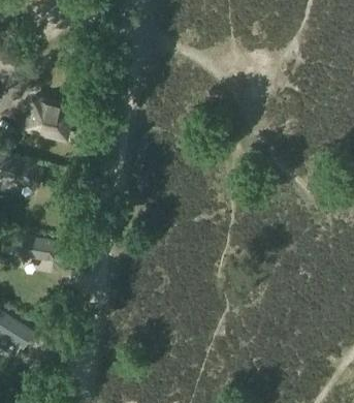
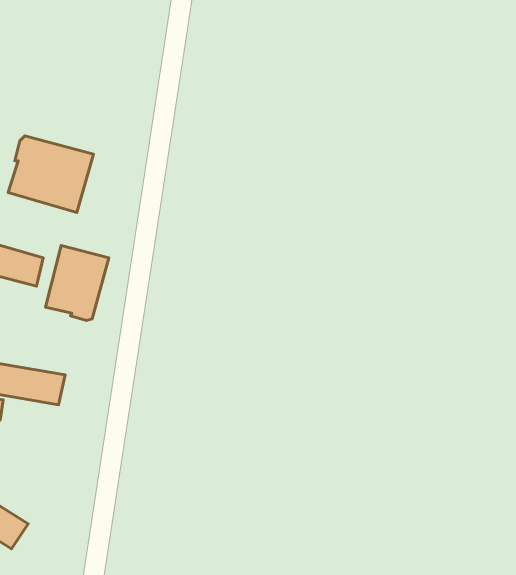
building: none -> [46,245,109,321]

